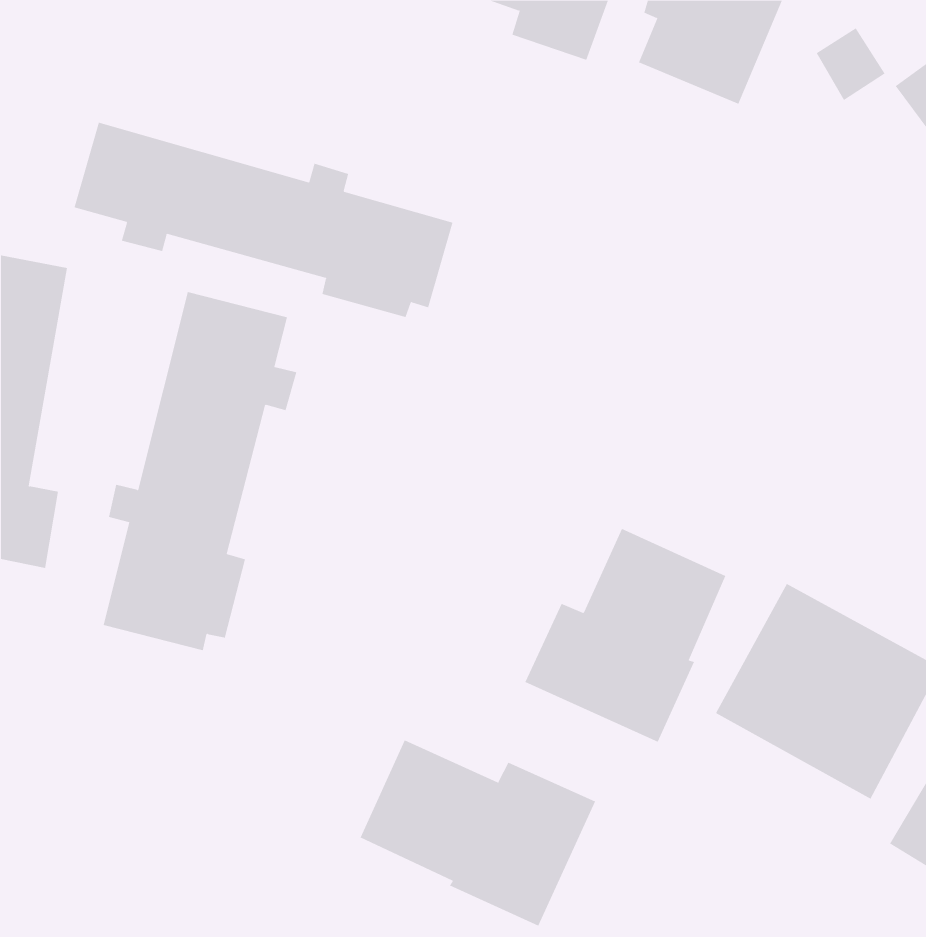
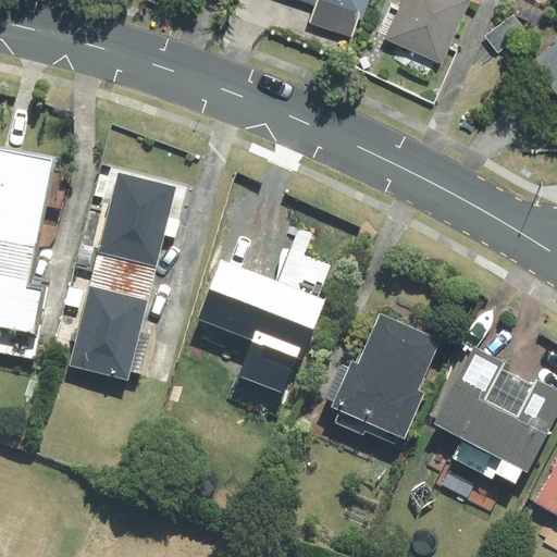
building: [74,122,453,318] -> none
building: none -> [194,259,324,400]
building: [360,739,596,926] -> none

